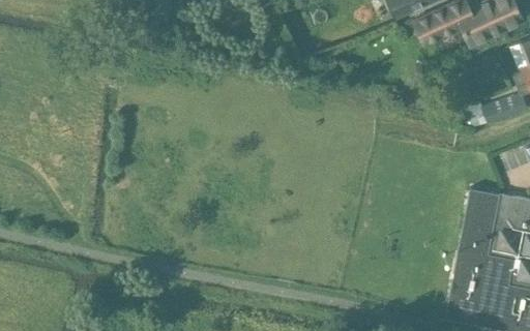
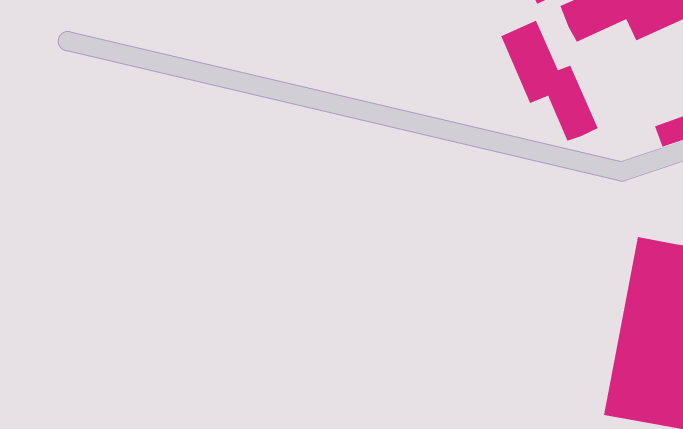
building: none -> [501,20,599,141]

